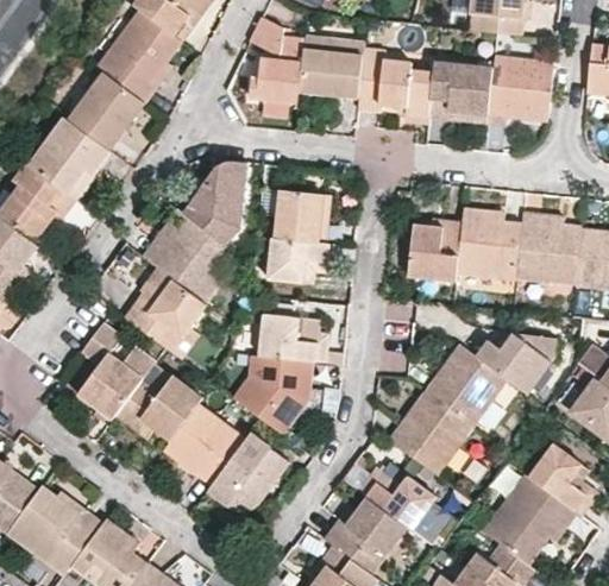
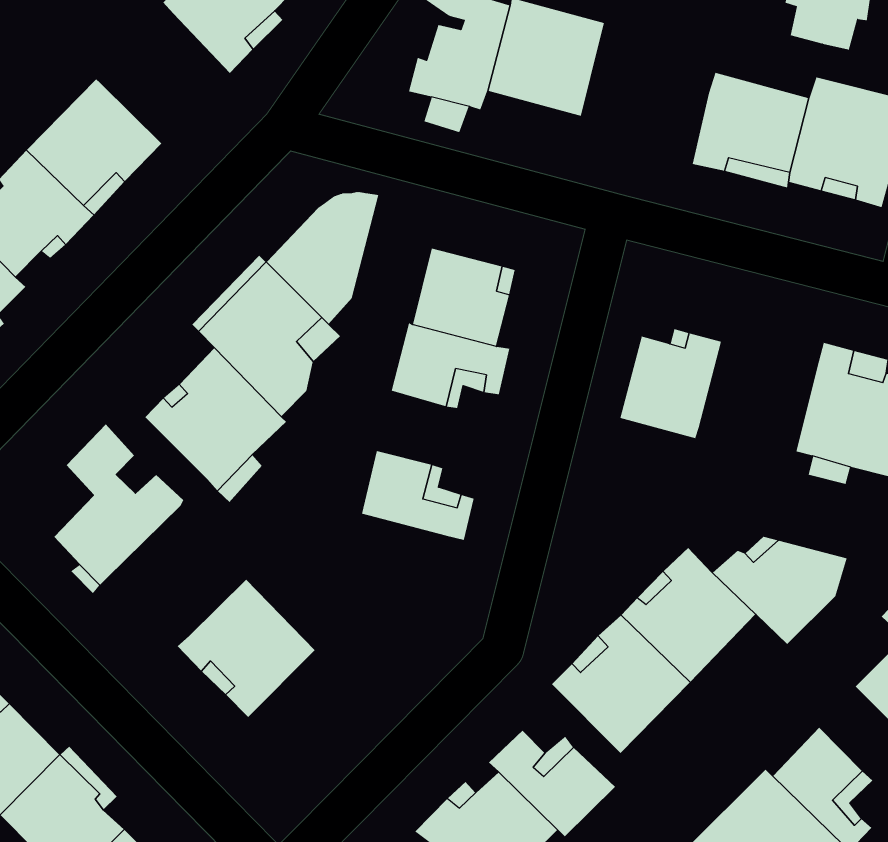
building: [357,50,432,116] -> none
building: [68,71,144,150] -> none
building: [456,209,521,282] -> none
building: [232,353,313,433] -> none
building: [114,365,199,442] -> none
building: [206,433,288,509] -> none

